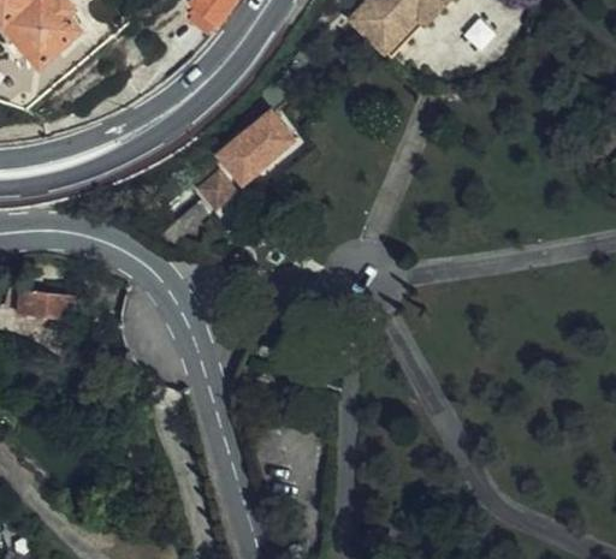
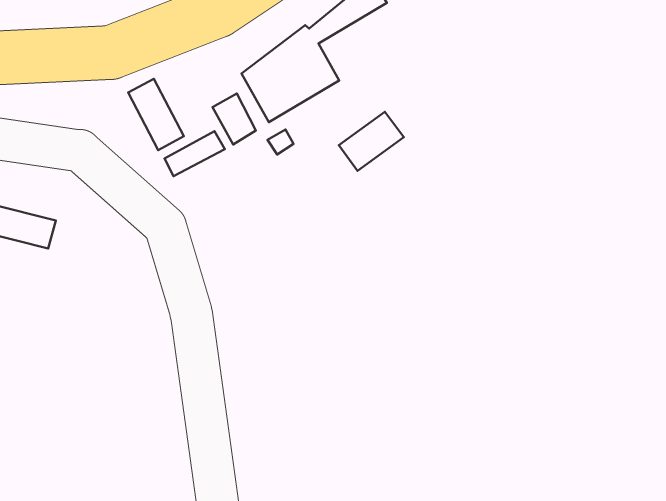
building: none -> [339,112,404,171]
building: none -> [128,79,184,150]

